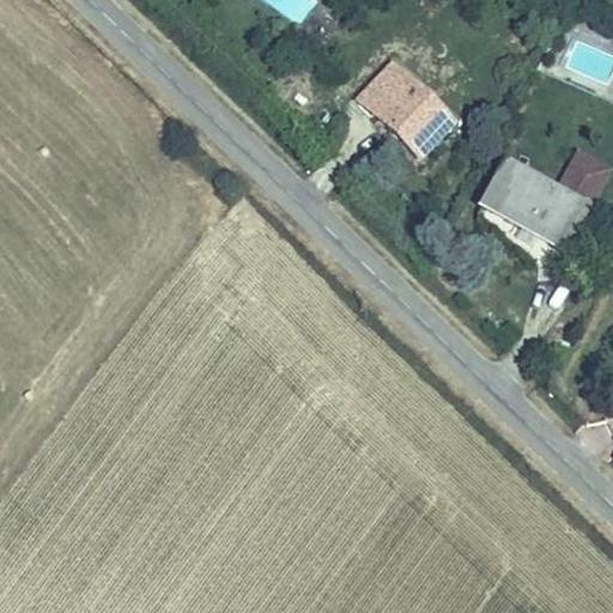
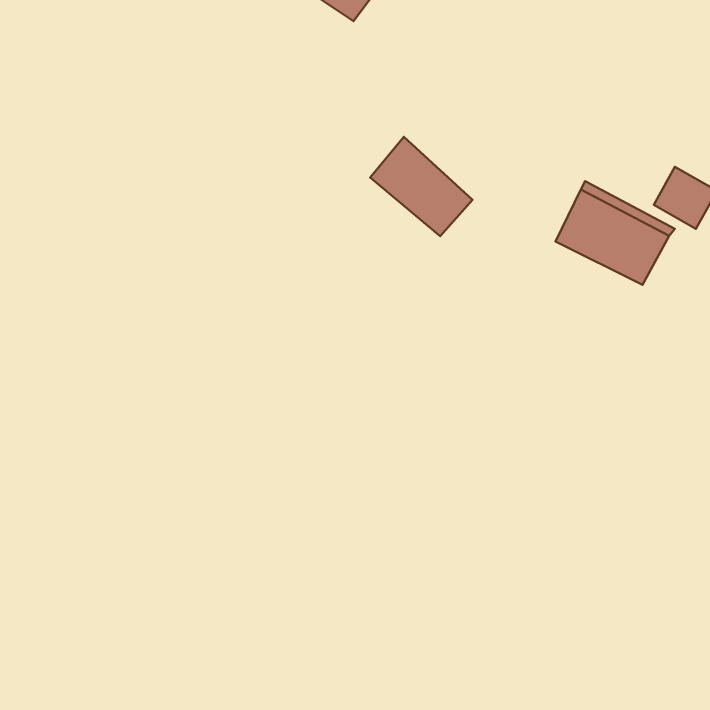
building: [362,66,449,151] -> [370,137,473,236]

